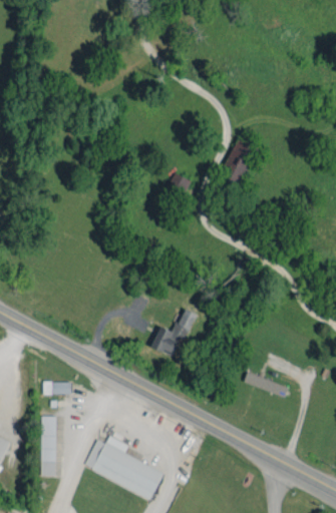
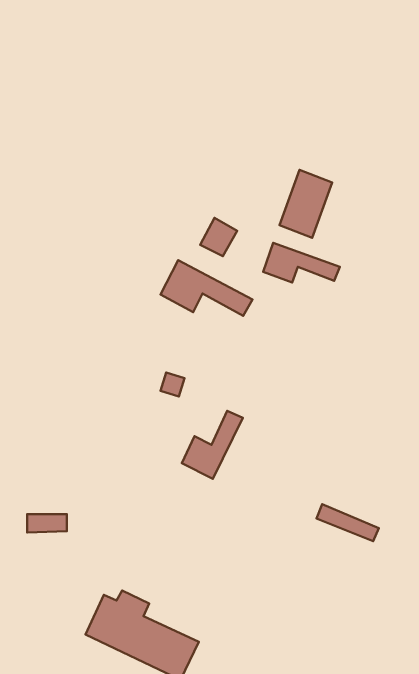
building: none -> [263,243,340,283]
building: none -> [161,260,253,316]
building: [41,416,56,476] -> none

